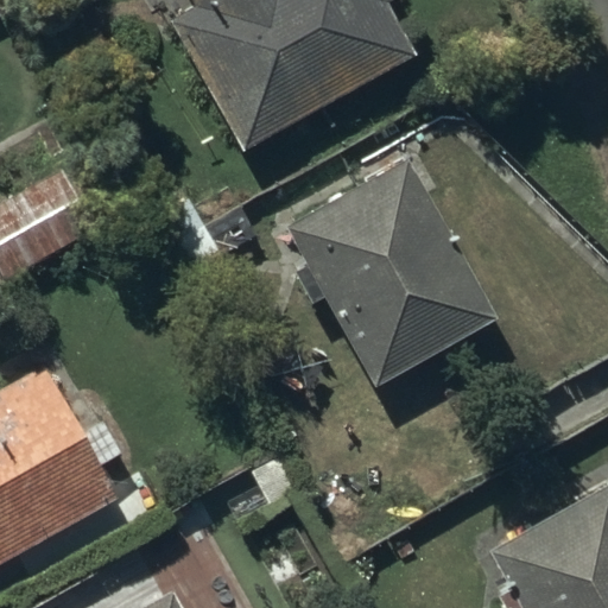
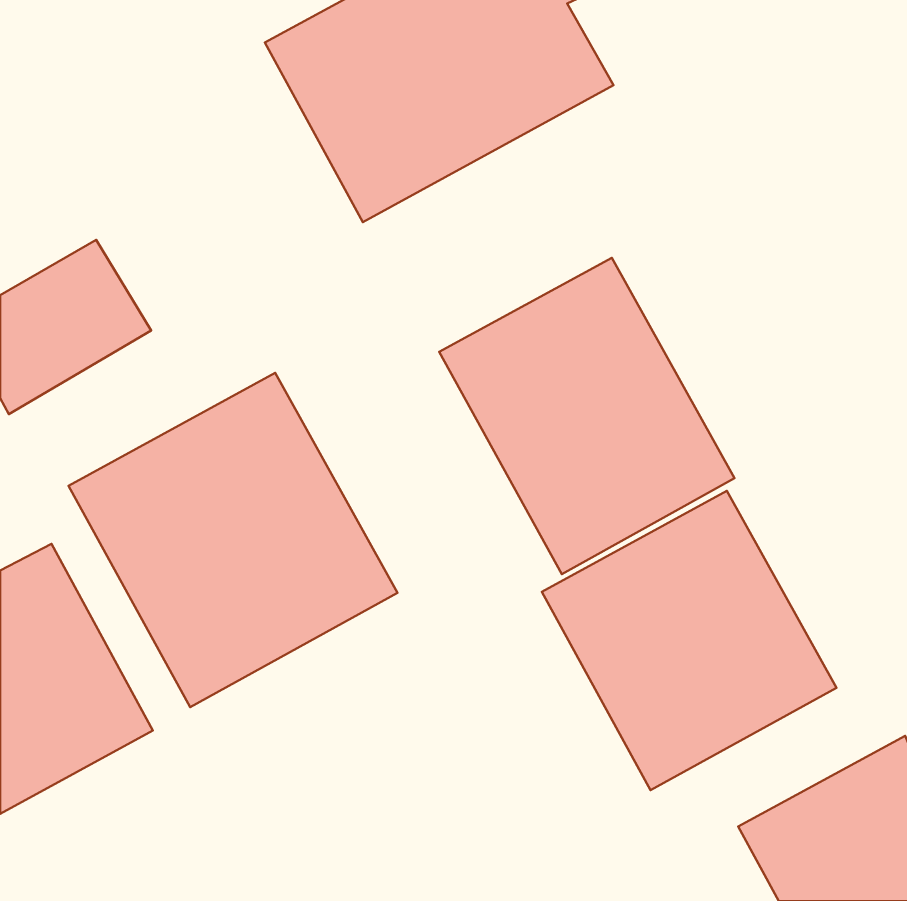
building: none -> [69,373,398,707]
building: none -> [542,491,836,790]

